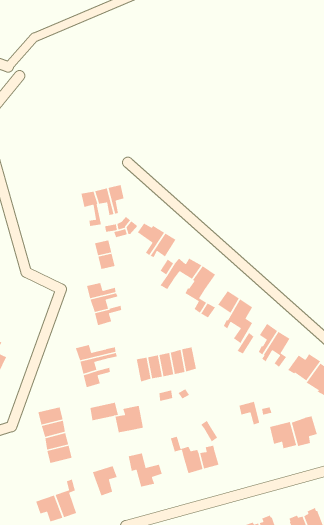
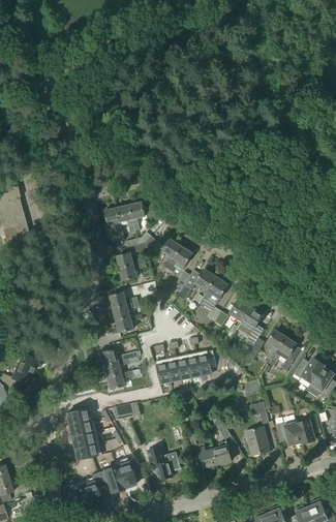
building: [115,404,144,433] -> none
building: none -> [246,427,268,455]
building: none -> [97,466,123,493]

